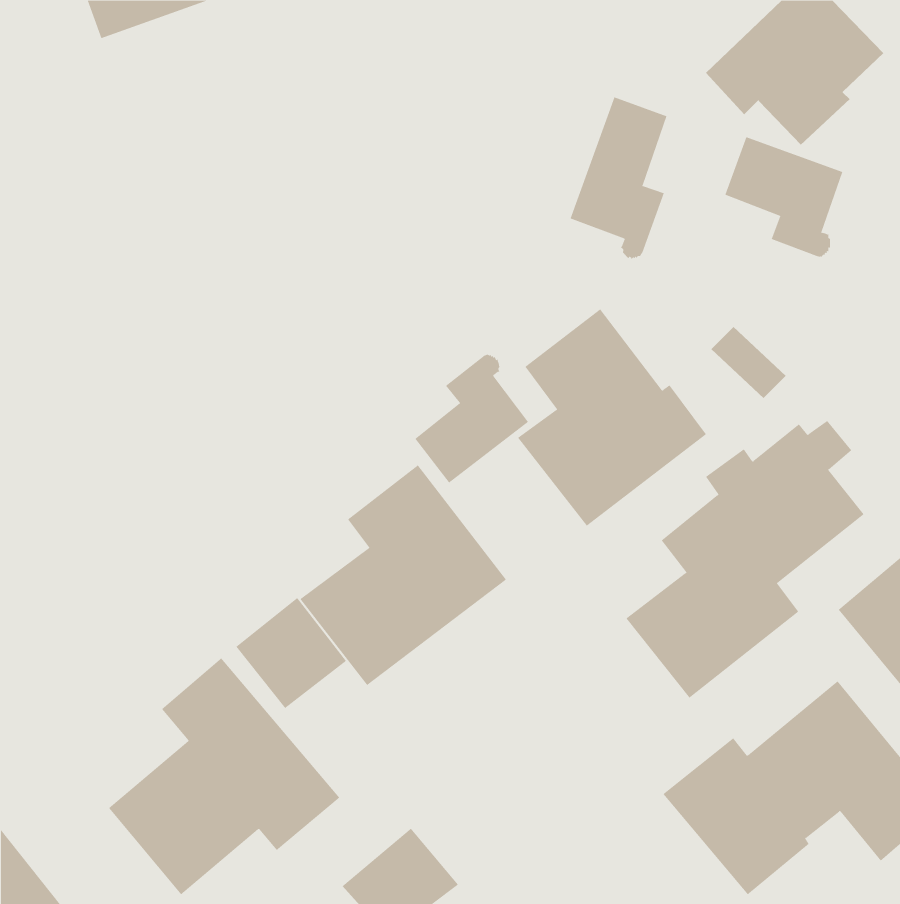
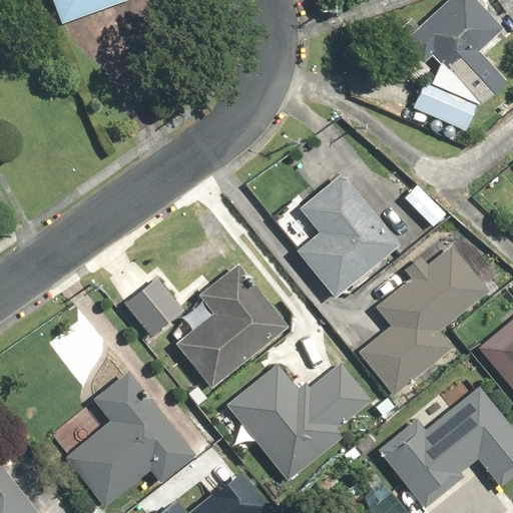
building: [570,97,667,260] -> none
building: [415,354,529,483] -> none
building: [235,597,347,709] -> [123,276,186,339]
building: none -> [227,355,374,474]

